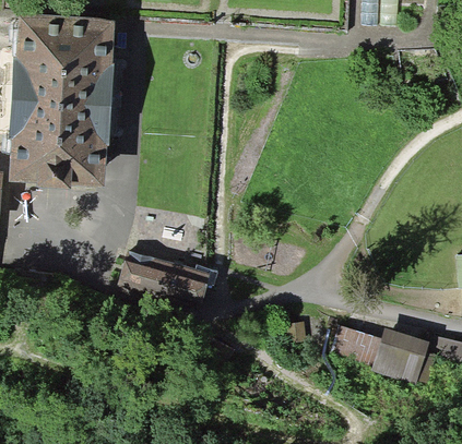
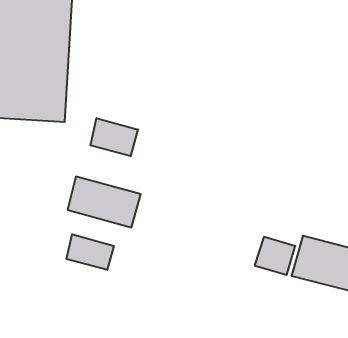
building: none -> [90,118,138,156]
building: none -> [67,234,114,270]

